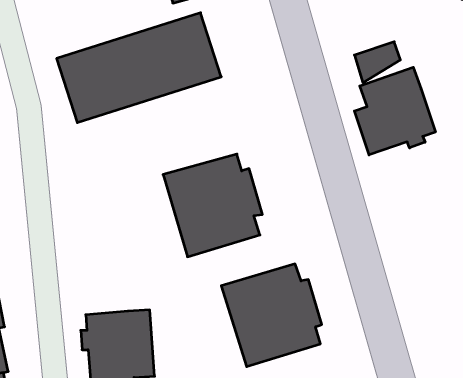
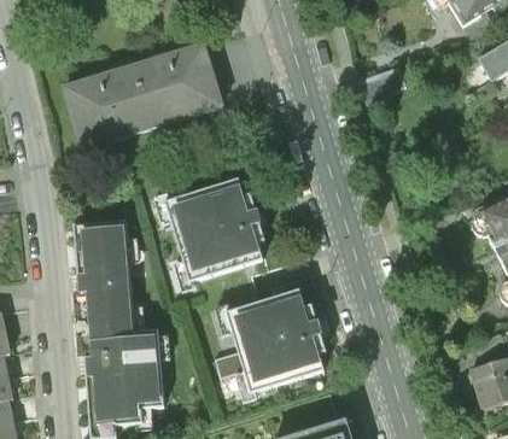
building: [354,67,435,155] -> none
building: none -> [76,226,132,340]

